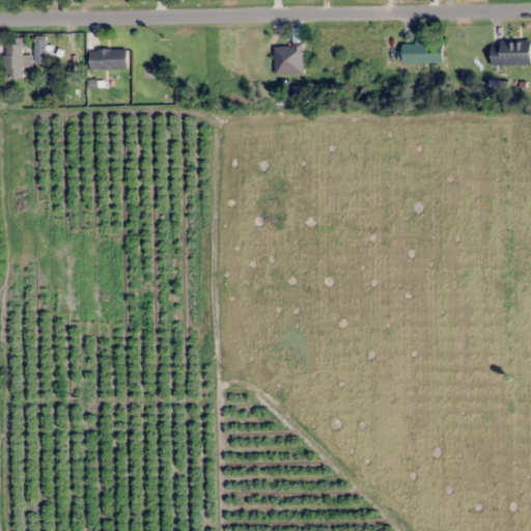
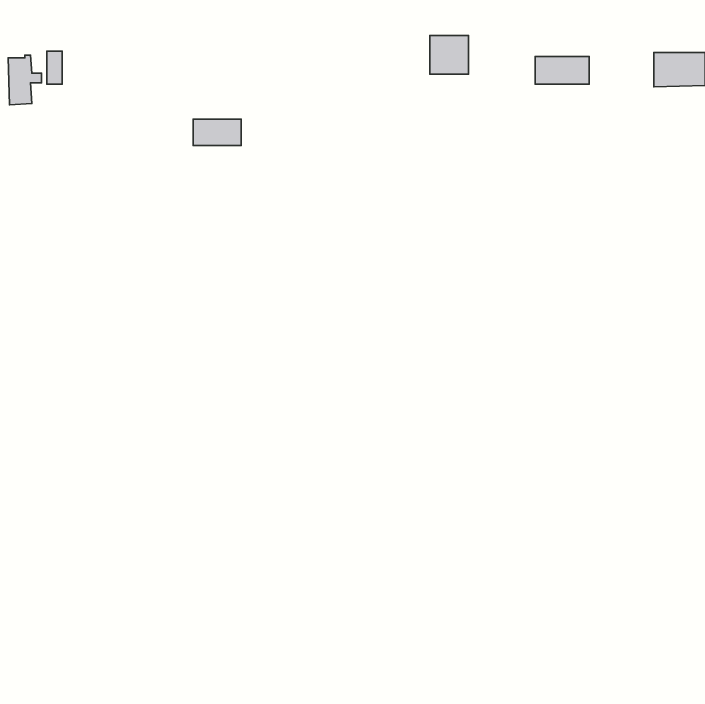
building: [275,46,304,75] -> [430,35,469,74]
building: [90,50,127,69] -> [193,119,241,145]

